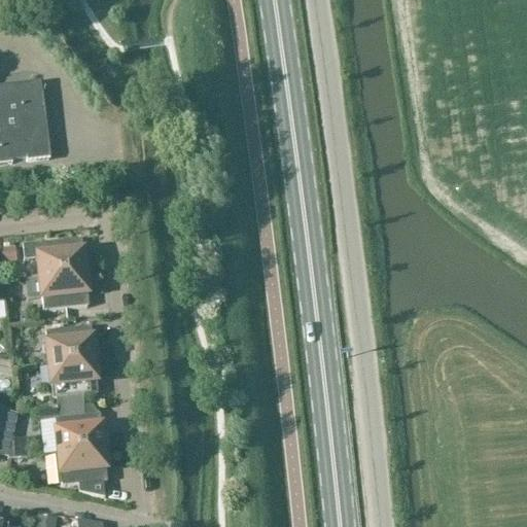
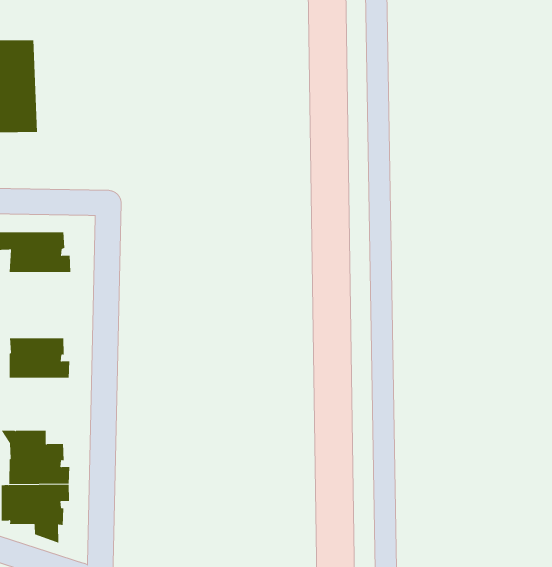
building: [39,269,92,308] -> none
building: [48,356,101,405] -> none

